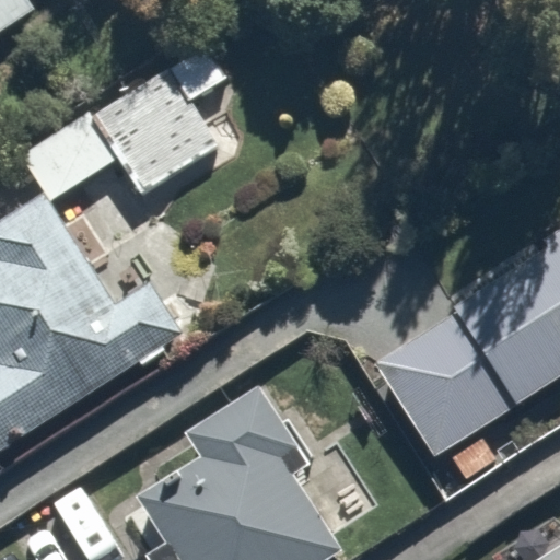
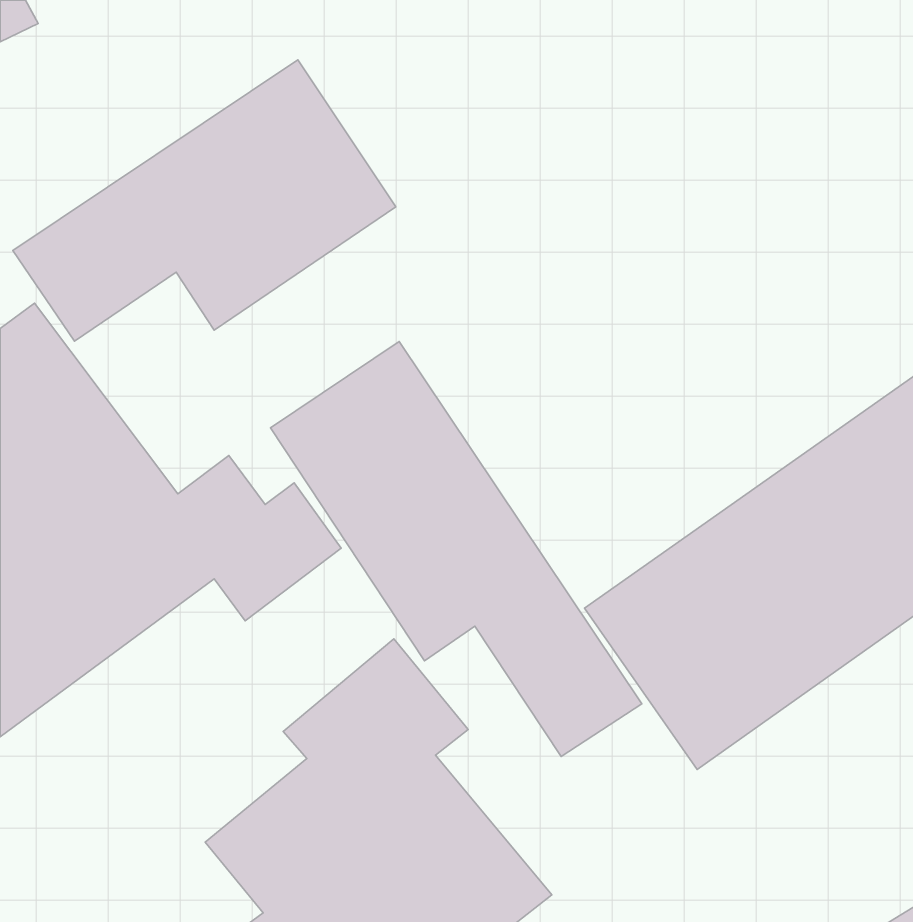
building: none -> [270,341,642,757]

